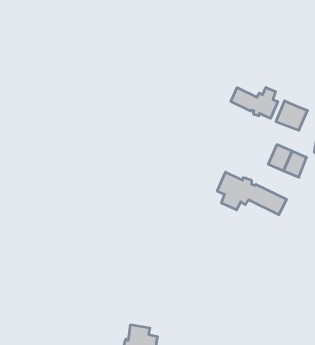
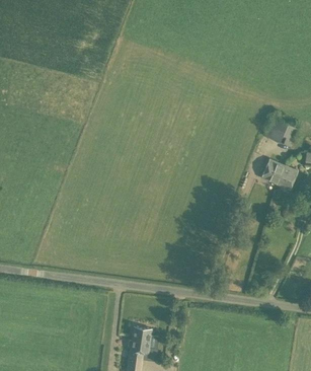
building: [231,87,278,118] -> none
building: [217,172,286,215] -> none

